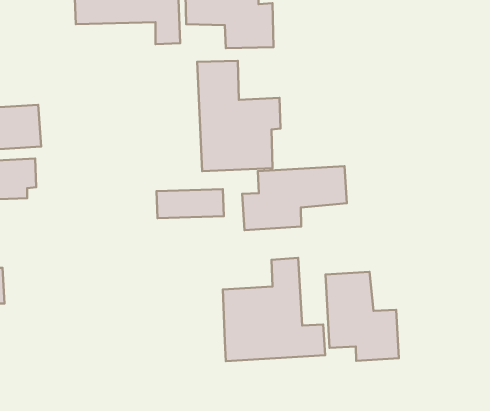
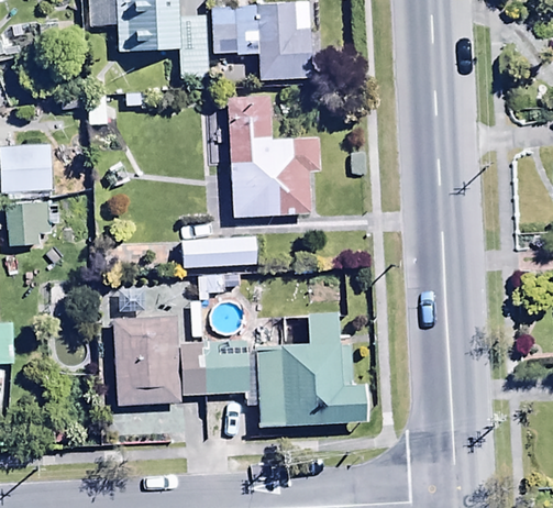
building: [242,166,347,230] -> none
building: none -> [112,313,257,407]
building: [325,272,399,361] -> none

